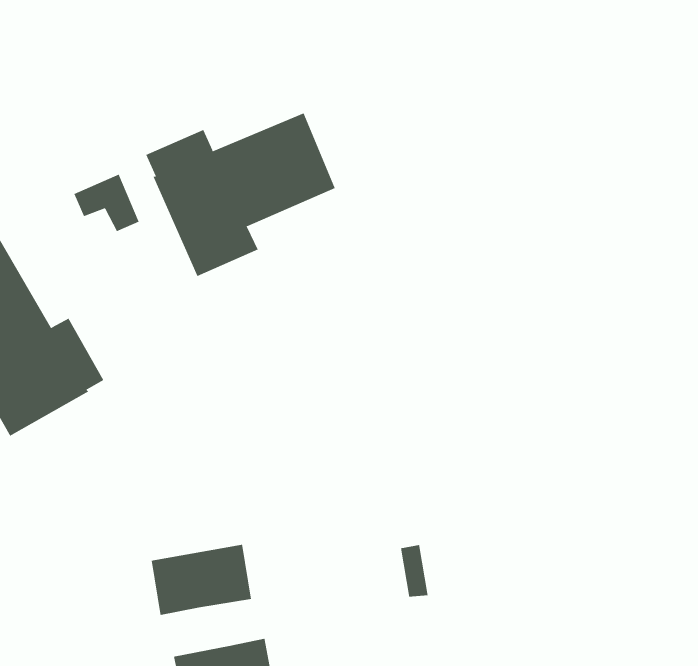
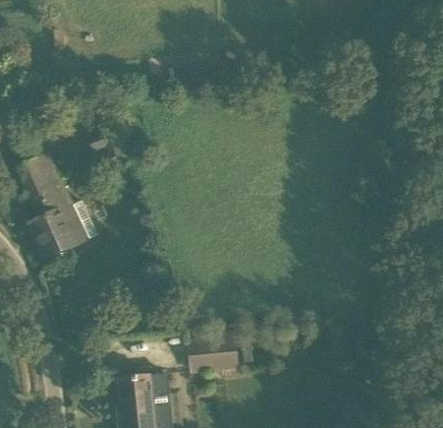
building: [146,113,336,277] -> none
building: [151,544,252,616] -> [188,340,238,372]

